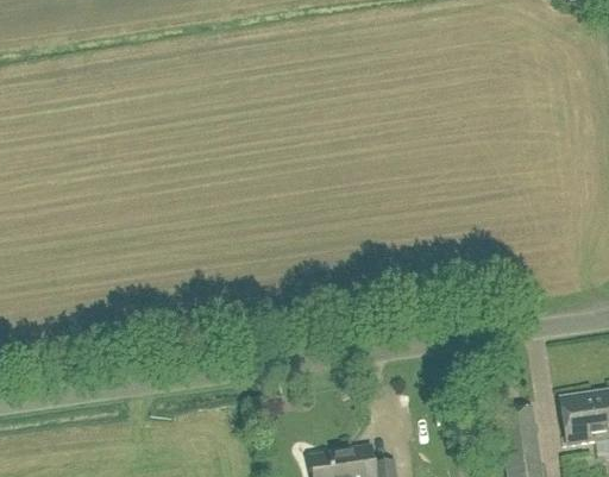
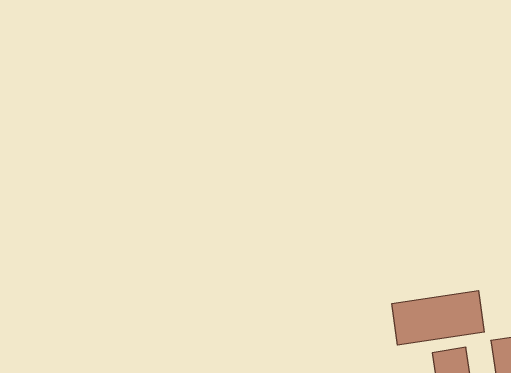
building: none -> [392,291,484,345]

